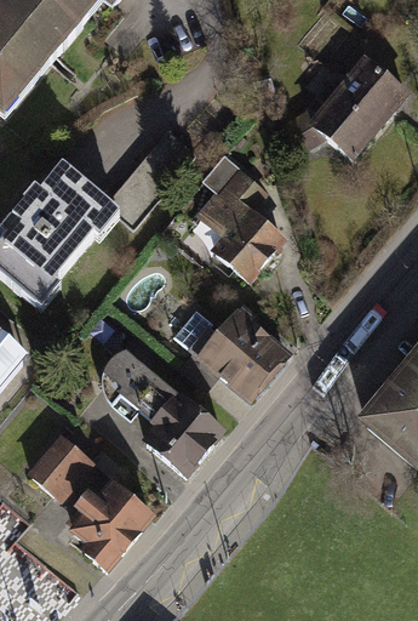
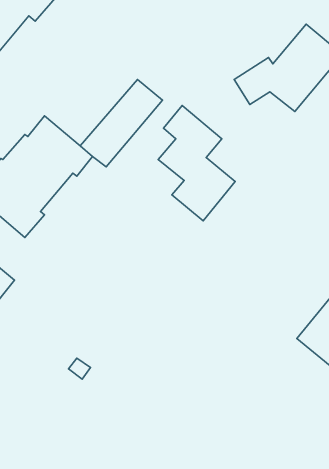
building: [173,301,288,400] -> none
building: [99,349,222,463] -> none
building: [32,433,87,491] -> none
building: [69,477,150,566] -> none

